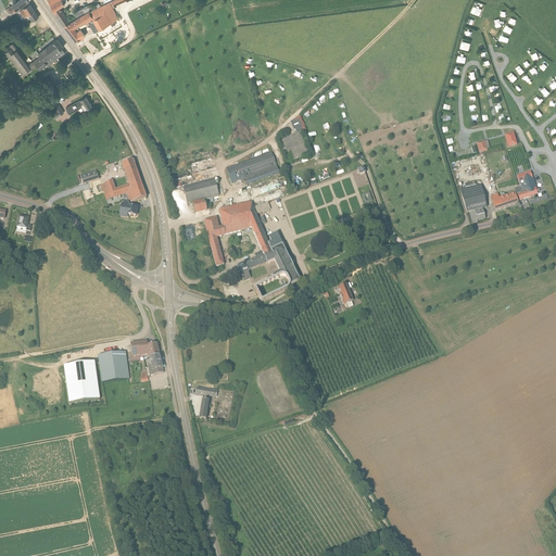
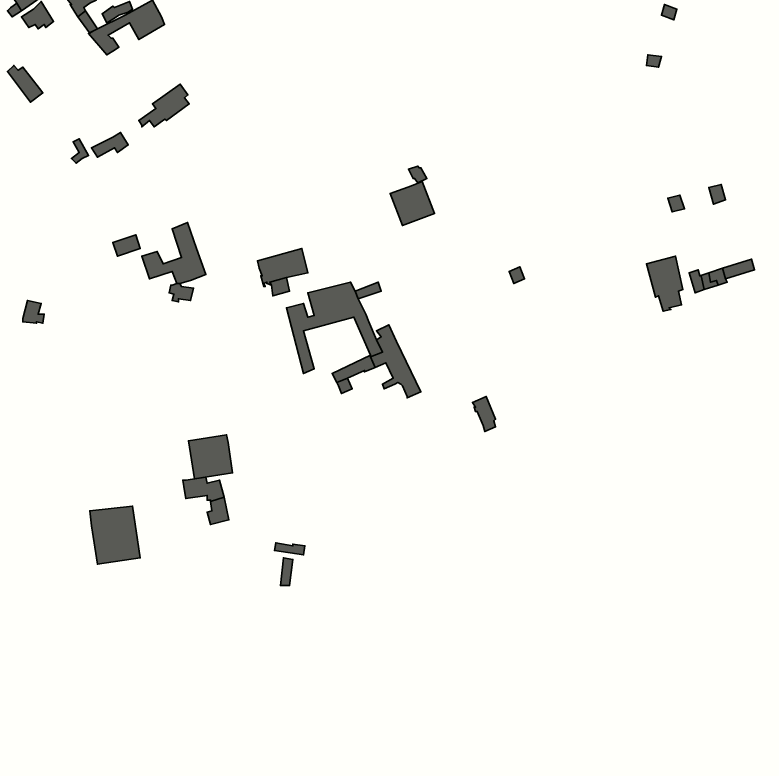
building: [28,37,64,67] -> [139,84,189,127]
building: [226,150,279,184] -> none
building: [98,350,129,381] -> [188,435,233,479]

